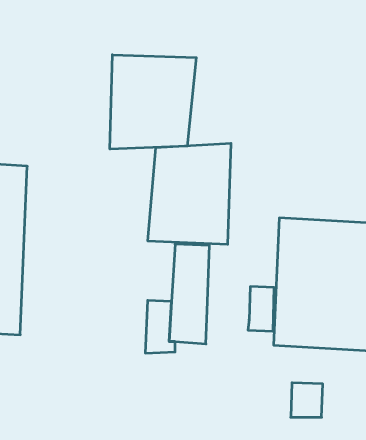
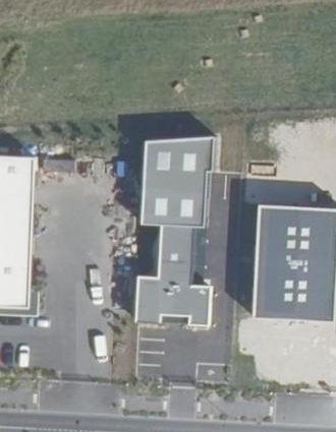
building: [110,55,196,149] -> none
building: [248,287,274,331] -> [189,286,213,325]

